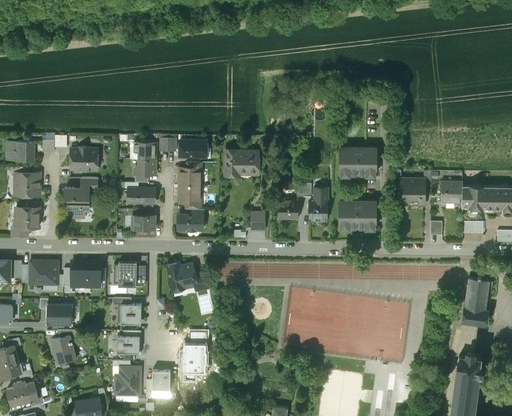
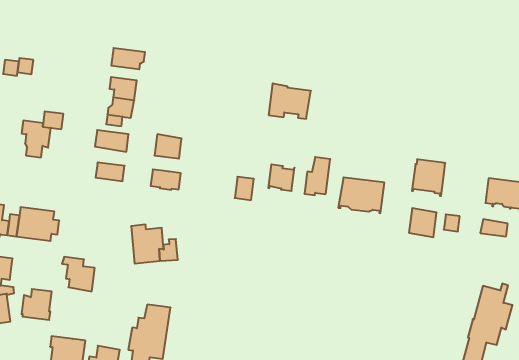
building: [180,141,207,156] -> [111,48,145,69]
building: [71,147,97,170] -> none
building: [340,147,376,174] -> none
building: [226,149,259,176] -> [269,83,311,119]
building: [179,168,201,186] -> none
building: [441,180,462,202] -> [409,208,437,237]
building: [114,262,146,286] -> none
building: [117,330,141,354] -> [21,289,52,320]

